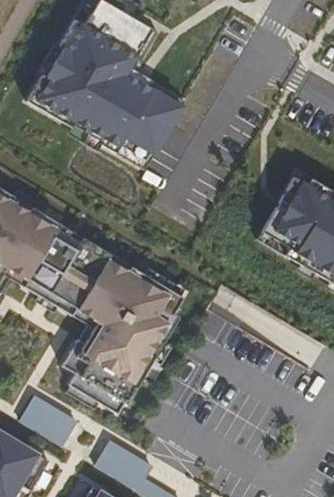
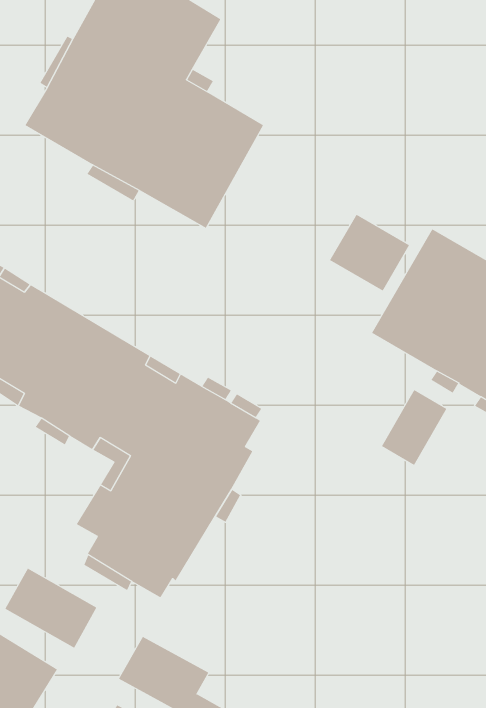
building: none -> [329,214,410,291]
building: none -> [381,389,447,466]

